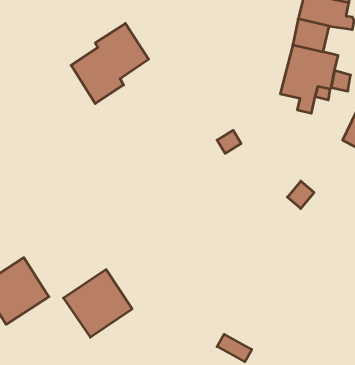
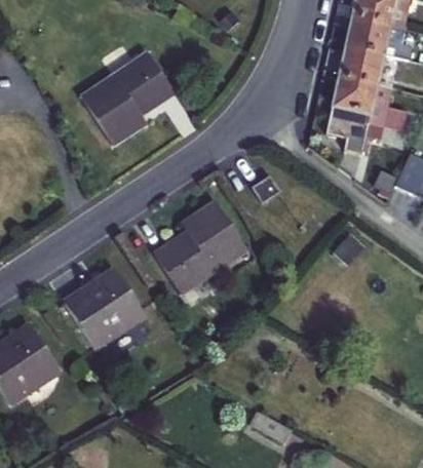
building: none -> [154,199,243,295]
building: [63,270,132,337] -> [63,268,142,346]

